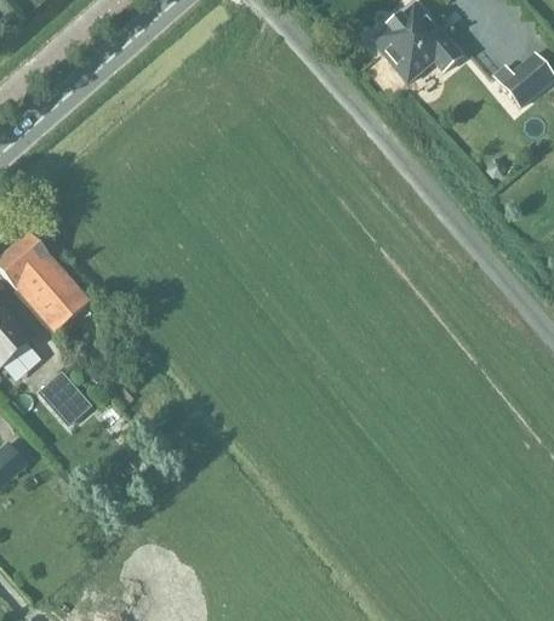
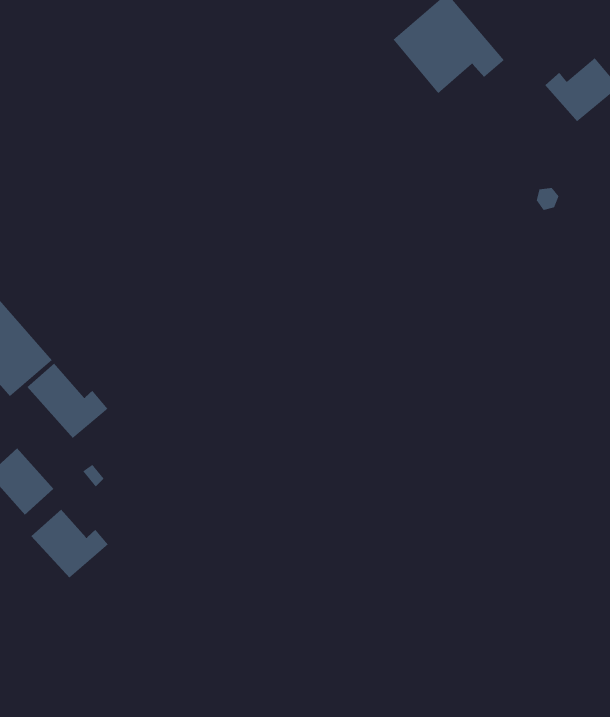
building: none -> [27,363,109,439]
building: none -> [31,509,109,578]

